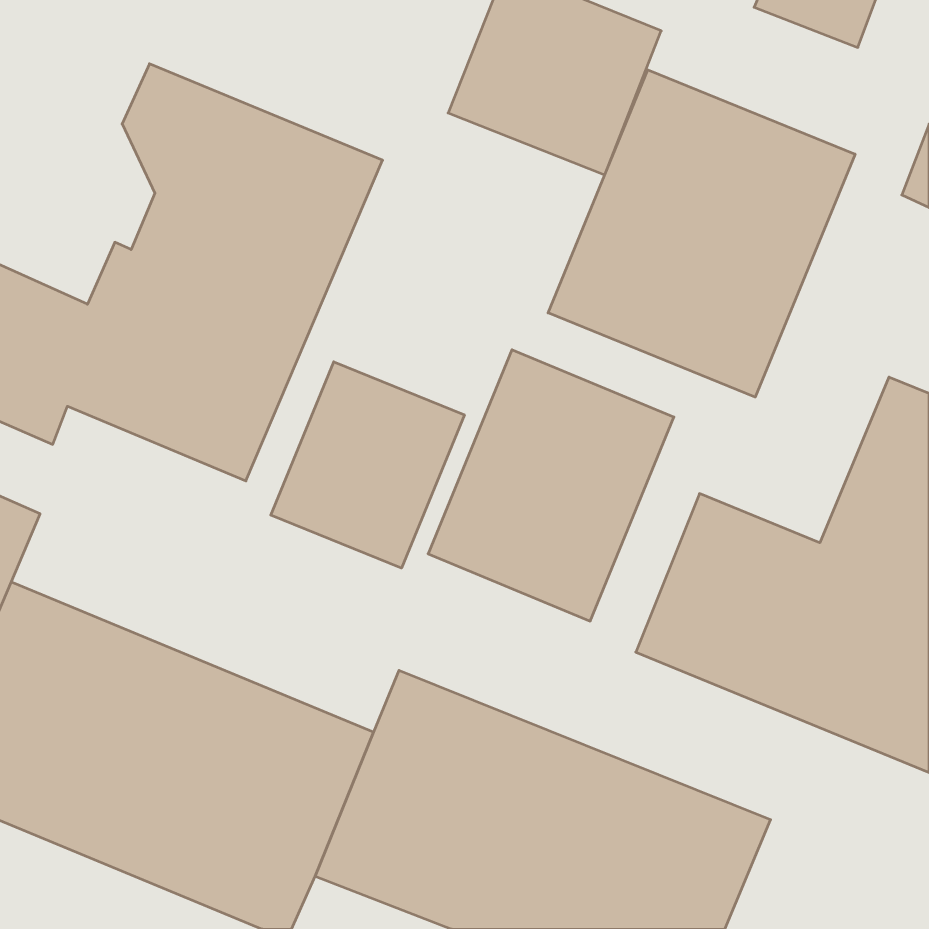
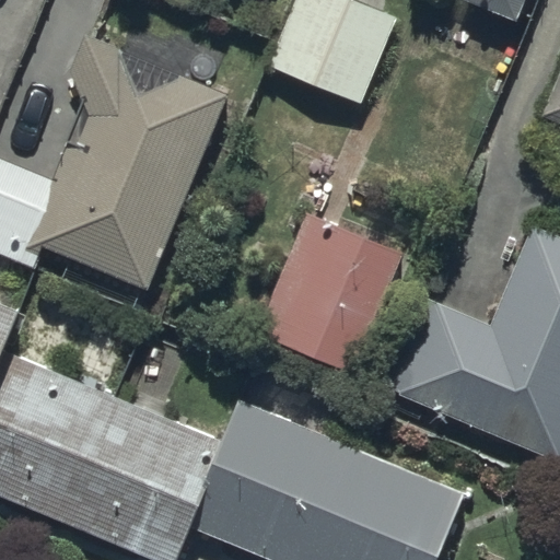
building: [548,70,855,397] -> none
building: [271,362,464,568] -> none

